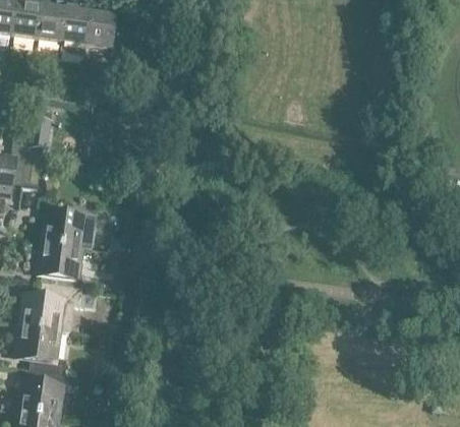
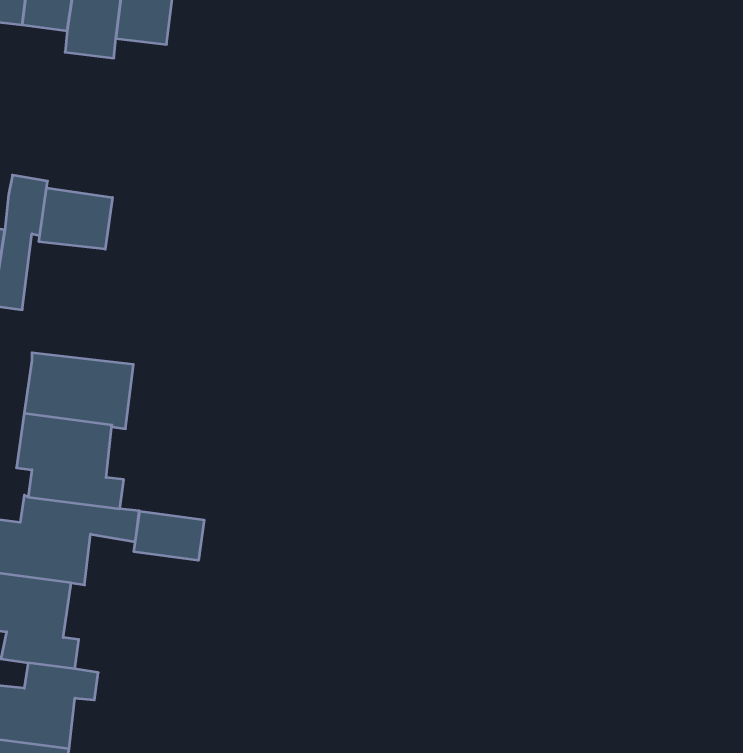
building: none -> [39,188,112,249]
building: none -> [134,511,204,560]

